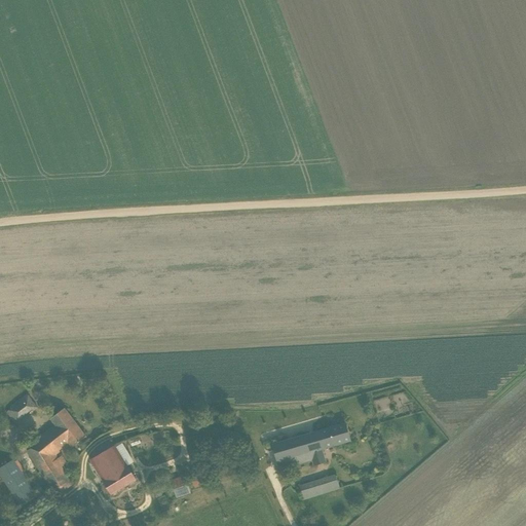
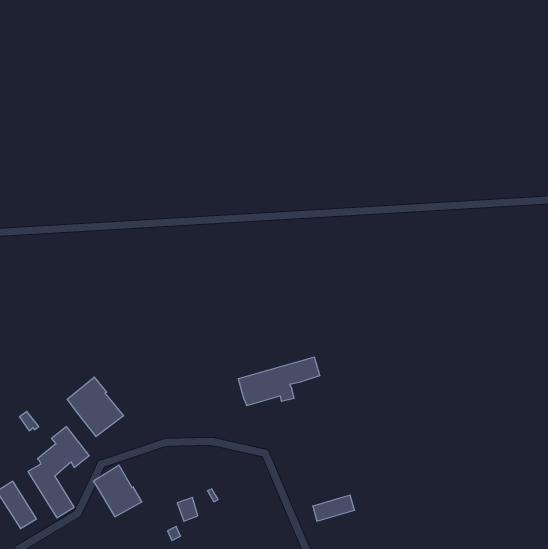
building: none -> [67,377,124,437]
building: [271,423,349,469] -> [238,357,320,406]

